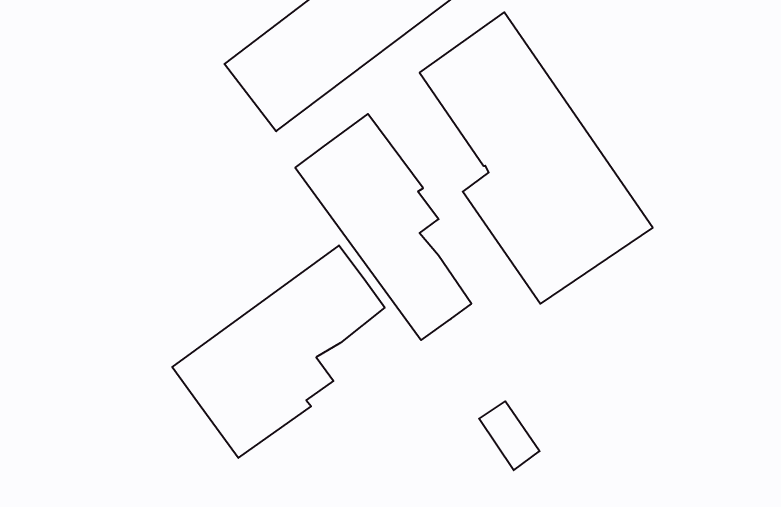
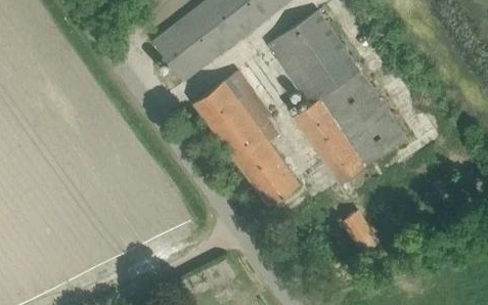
building: [172,245,385,458] -> none
building: [479,401,540,470] -> [344,211,380,252]

